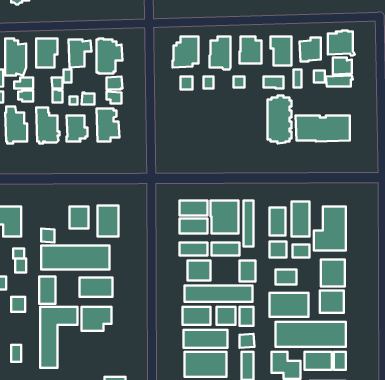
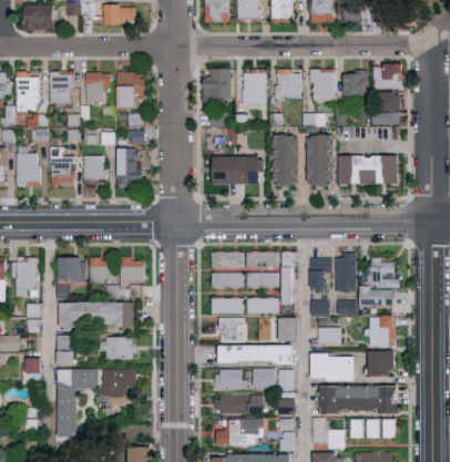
building: none -> [274,135,299,188]
building: none -> [213,157,265,185]
building: none -> [58,257,85,280]

